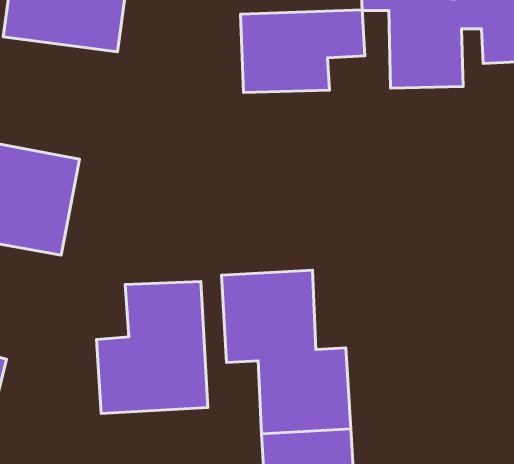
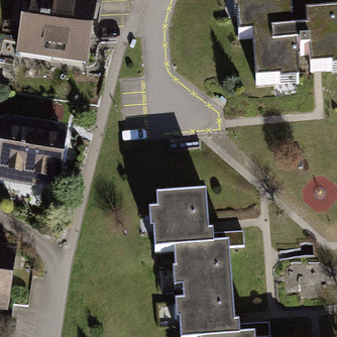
building: [241,10,365,93] -> none
building: [96,281,208,414] -> none

